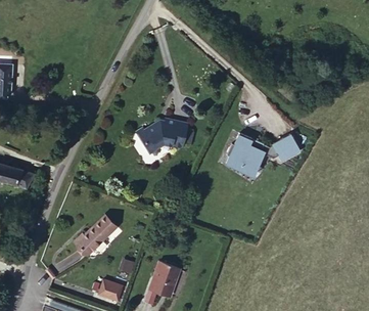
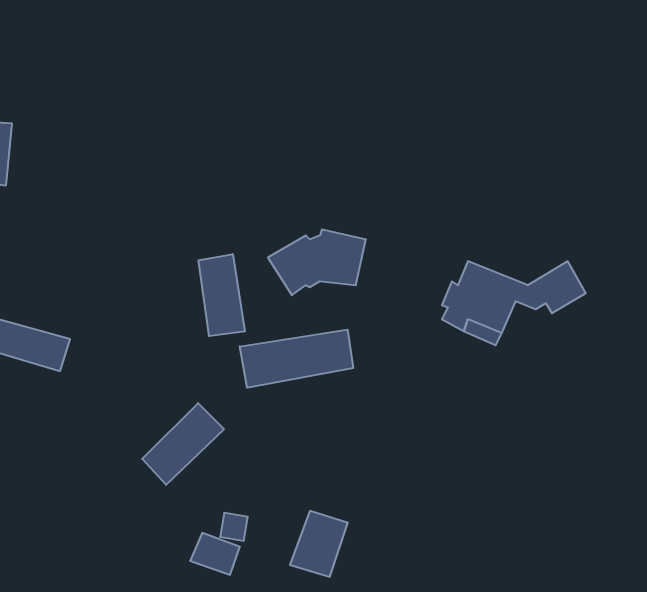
building: none -> [199,254,245,336]
building: none -> [240,330,353,388]

